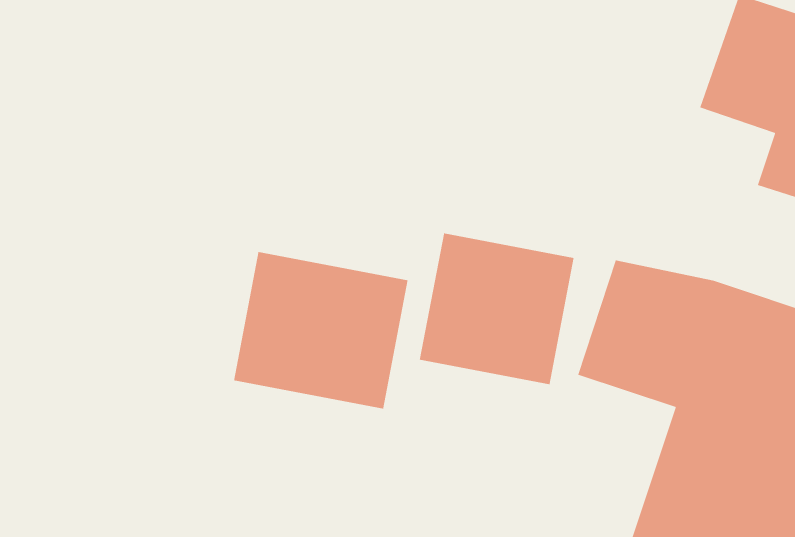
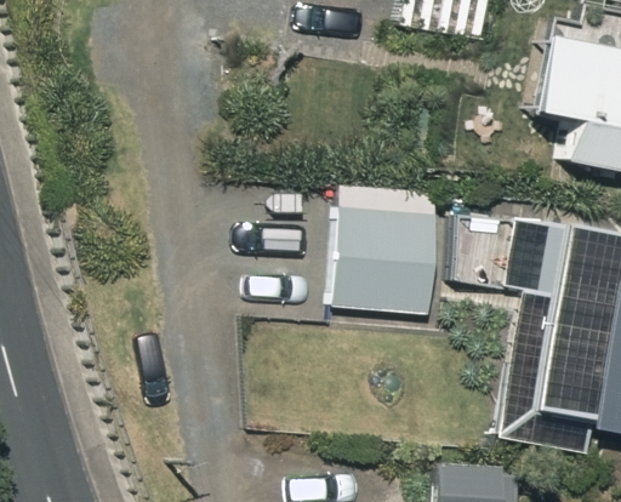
building: [233,251,408,409] -> none

